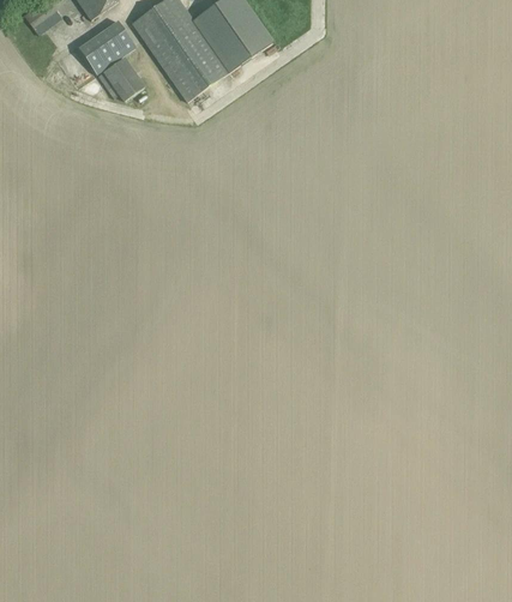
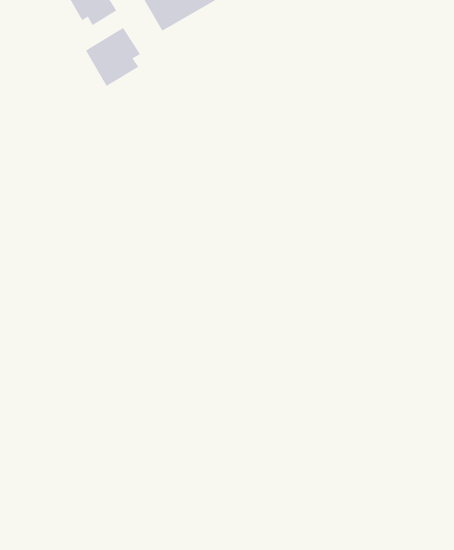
building: none -> [85,27,141,87]

